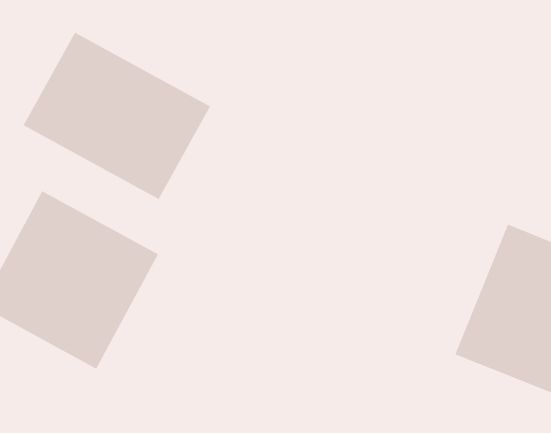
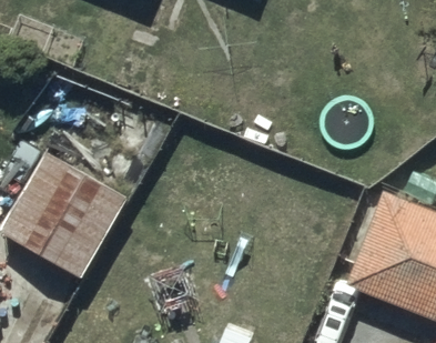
building: [23,32,211,200] -> none

